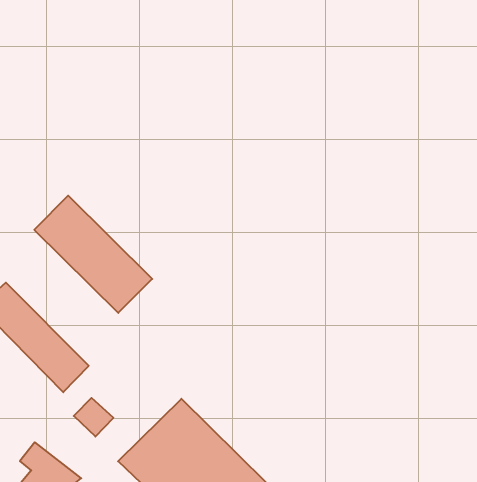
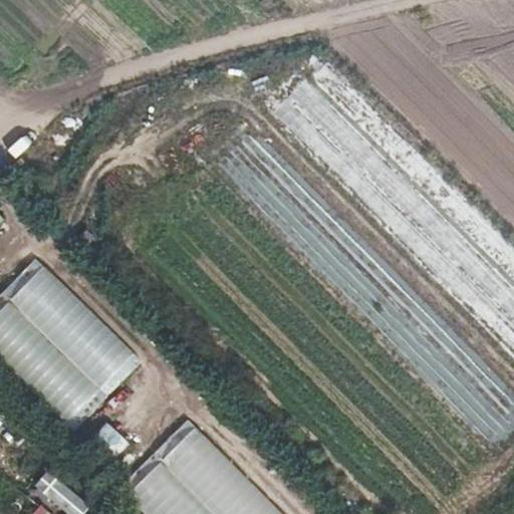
building: [34,196,152,313] -> [6,264,132,389]

